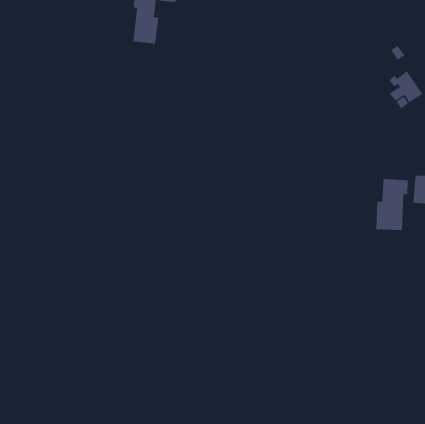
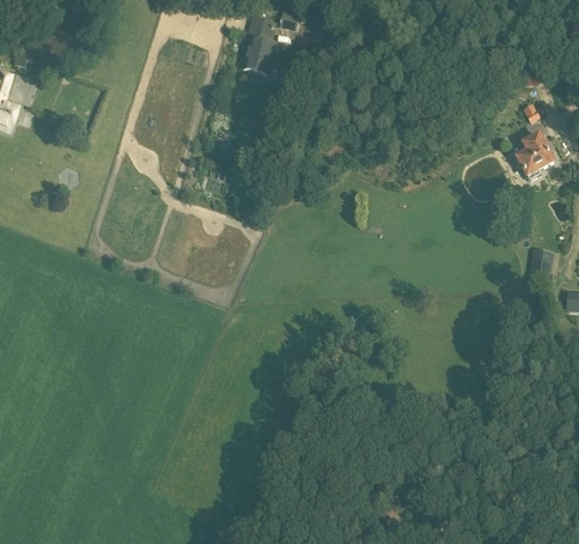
building: [376,178,408,231] -> none

